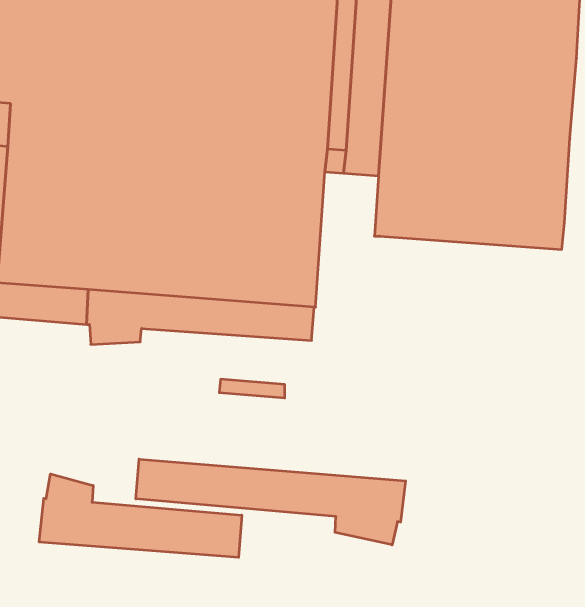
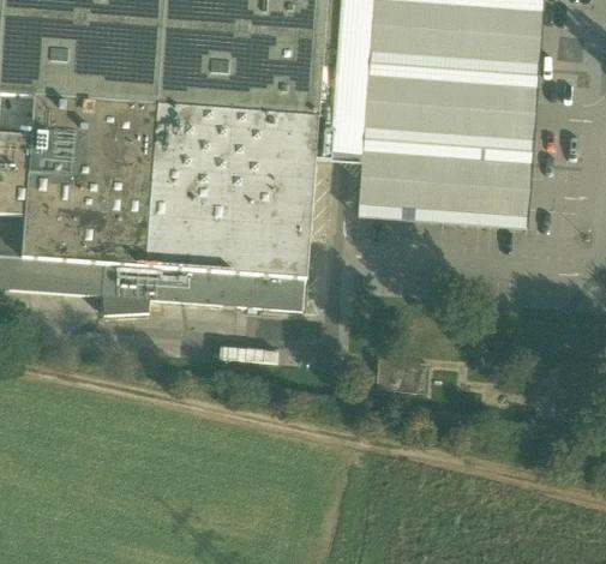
building: [136,459,406,545] -> none
building: [39,474,242,557] -> none

